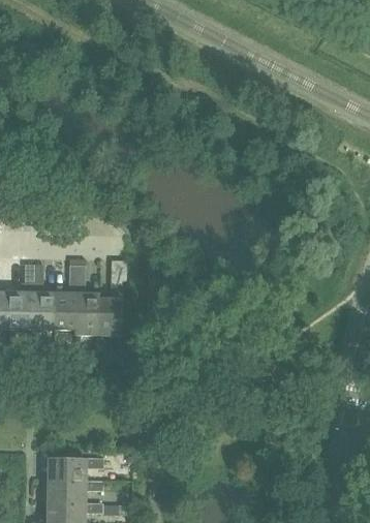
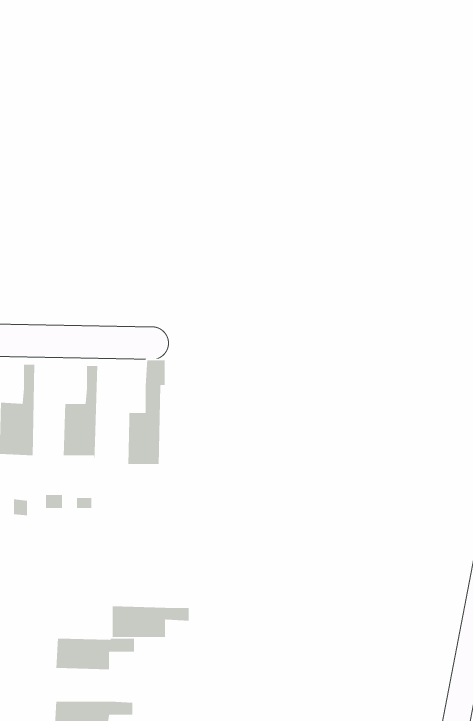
building: [32,263,54,328] -> none
building: [75,264,99,334] -> none
building: [48,478,102,500] -> [112,606,189,638]

